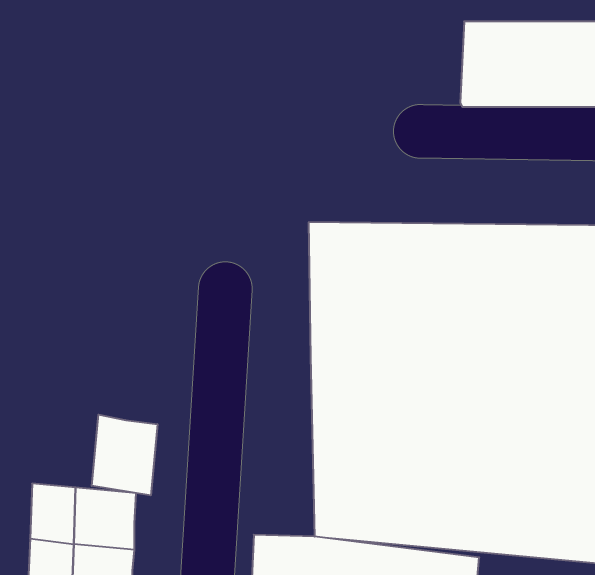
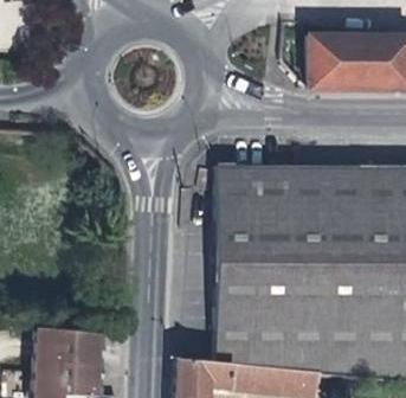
building: [92,415,157,495] -> none

